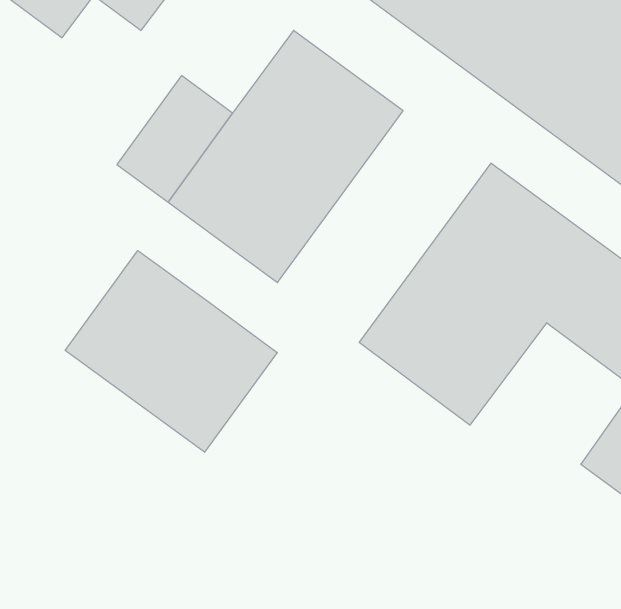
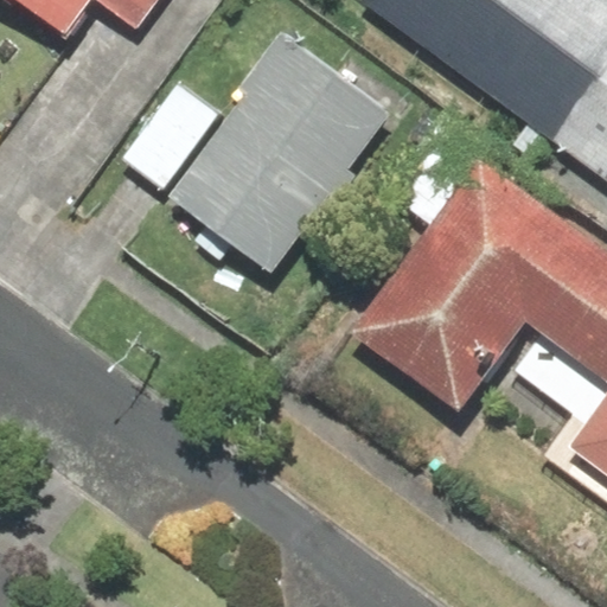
building: [65,251,277,452] -> none

